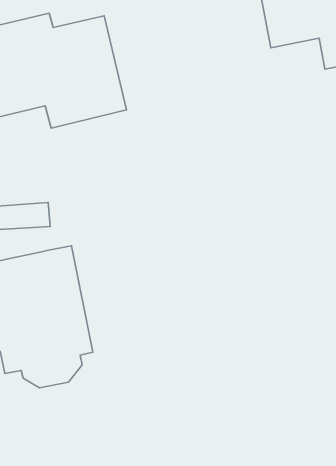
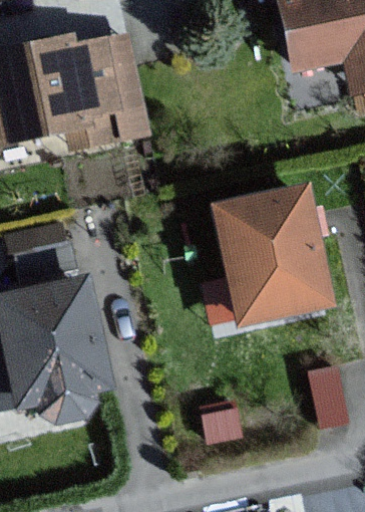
building: none -> [219,185,333,320]

